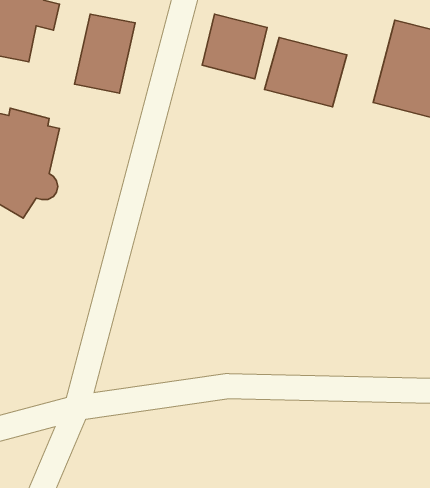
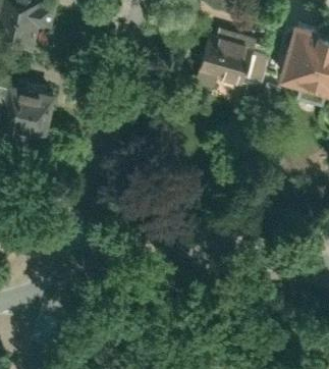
building: [75,14,135,93] -> none
building: [202,14,267,79] -> none

